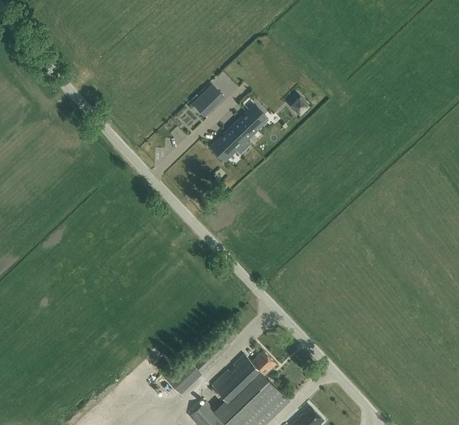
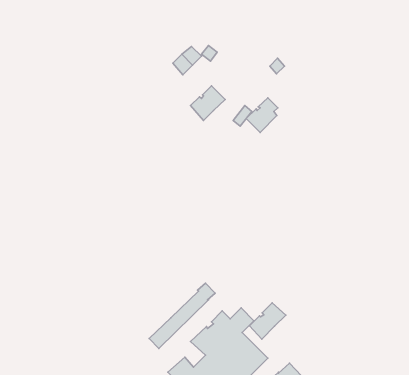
building: [232,105,264,140] -> [246,98,278,132]
building: none -> [249,303,286,339]

